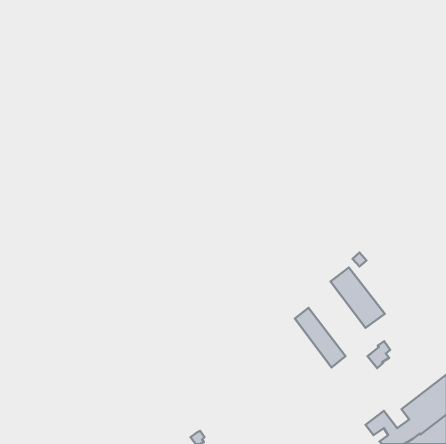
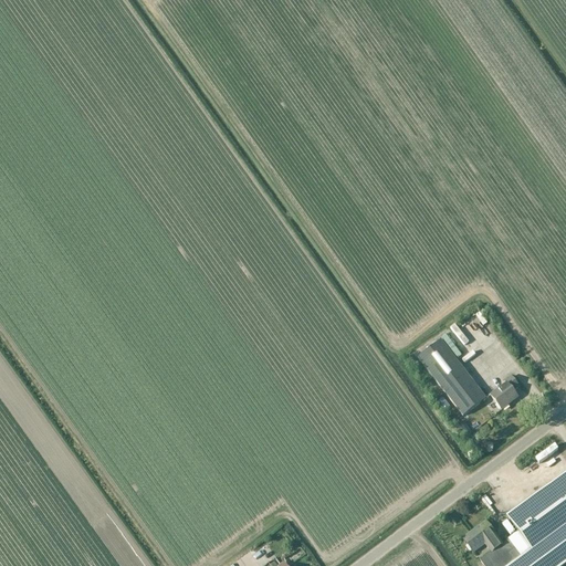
building: [295,308,346,367] -> none
building: [367,341,390,368] -> [491,374,520,408]

